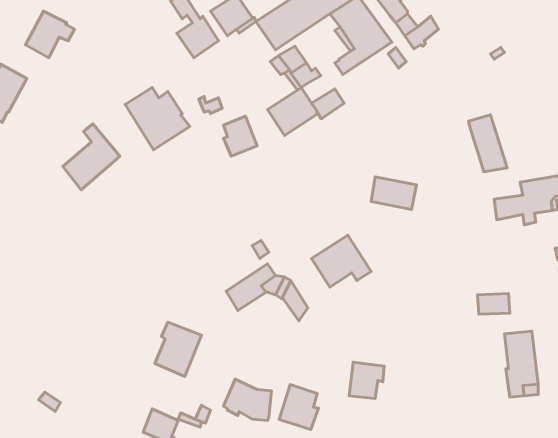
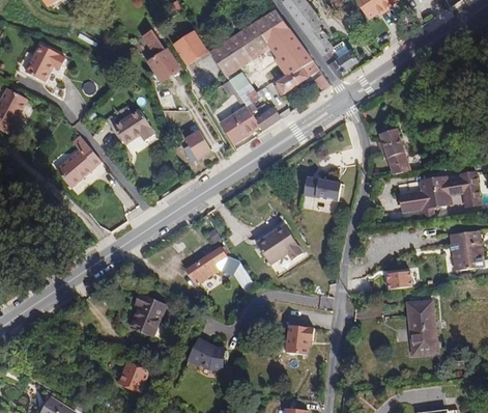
building: [279,385,318,430] -> none

